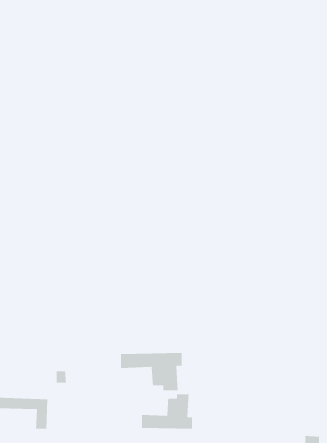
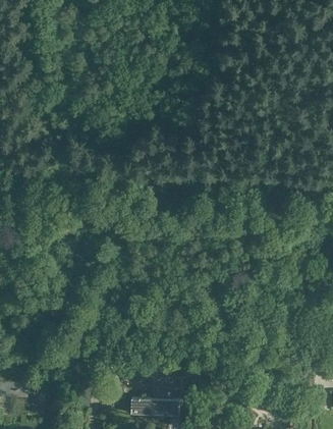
building: [120,352,182,391] -> none

